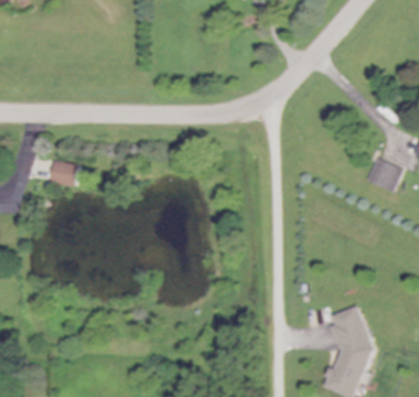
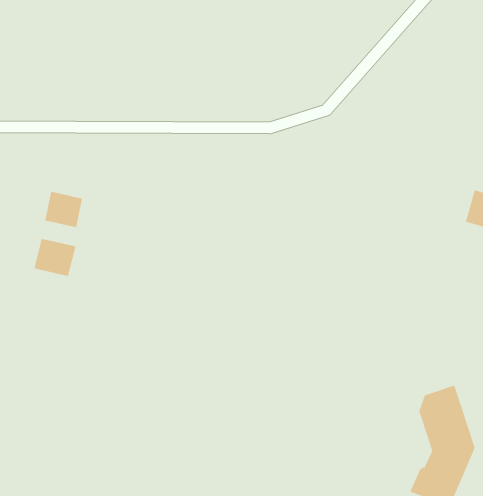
building: none -> [34,238,76,277]

